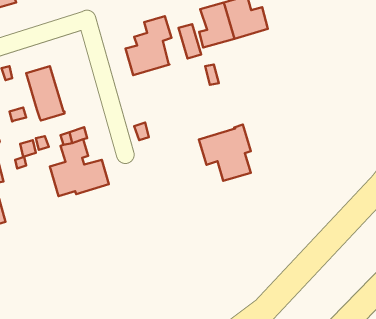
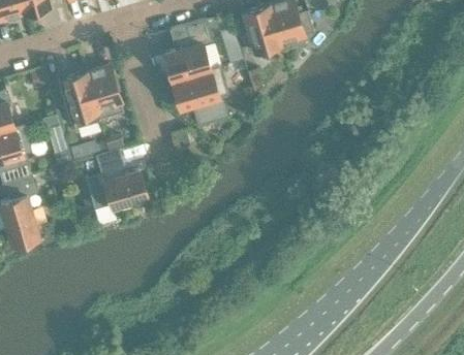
building: none -> [85,65,124,120]
building: [199,125,251,181] -> [173,66,227,125]

